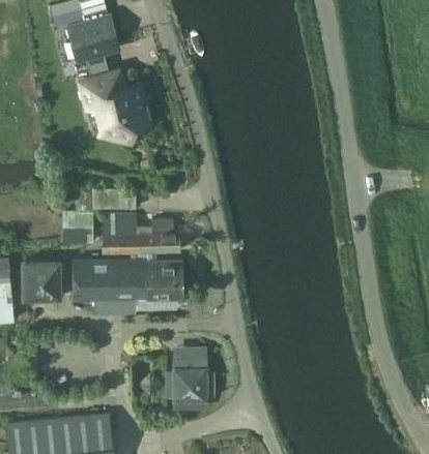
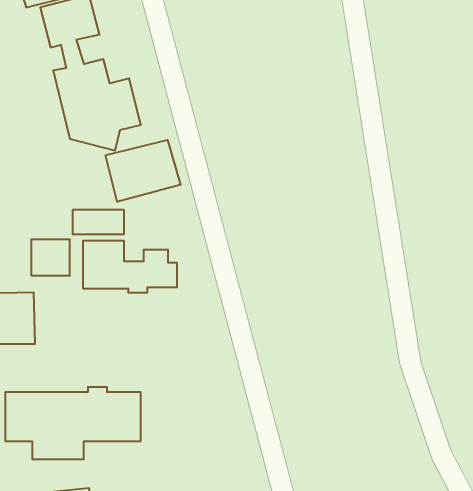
building: none -> [106,140,180,202]
building: [74,256,182,314] -> [5,387,141,459]
building: [175,360,207,408] -> none

